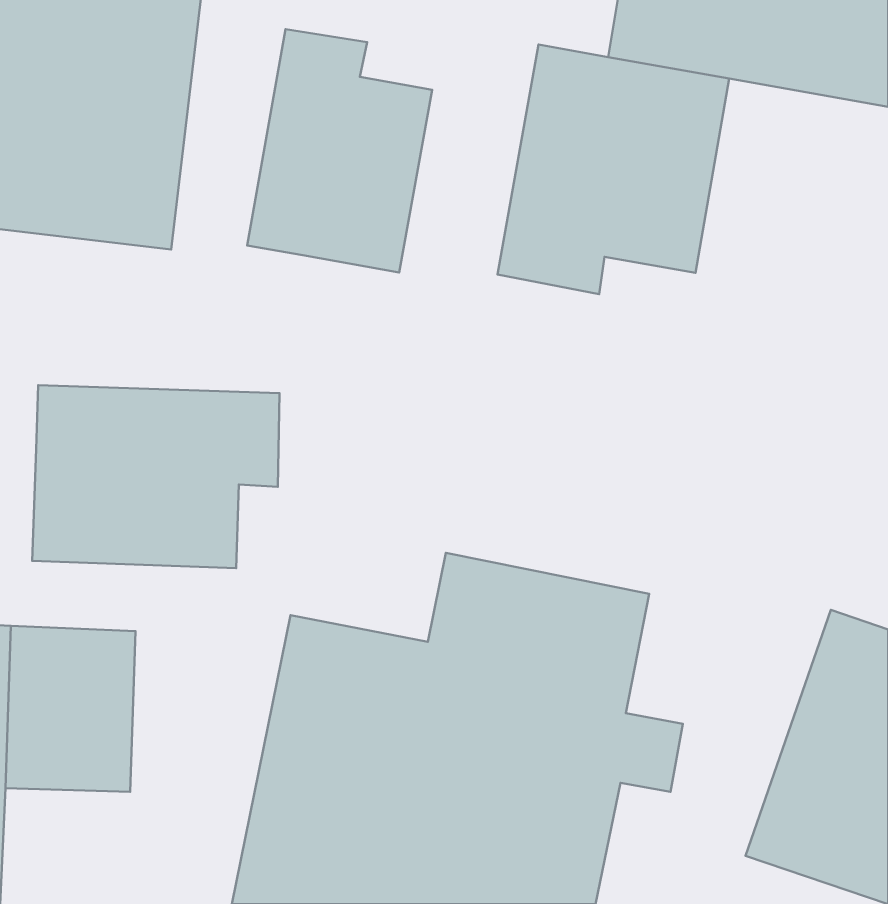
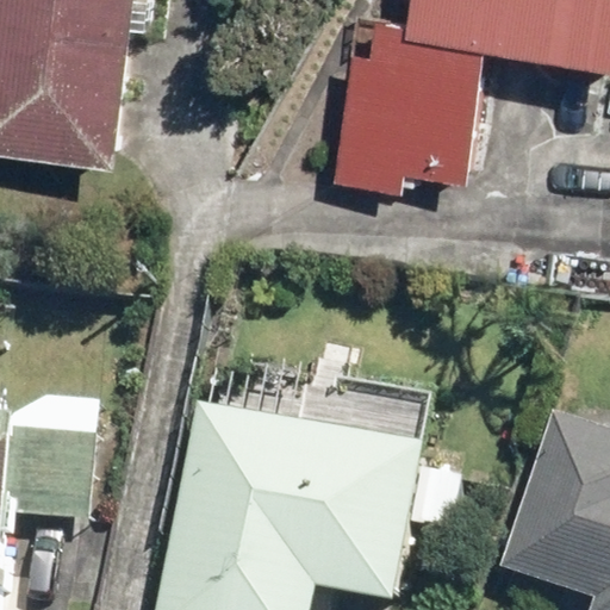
building: [247,29,432,273] -> none
building: [32,385,279,568] -> none

